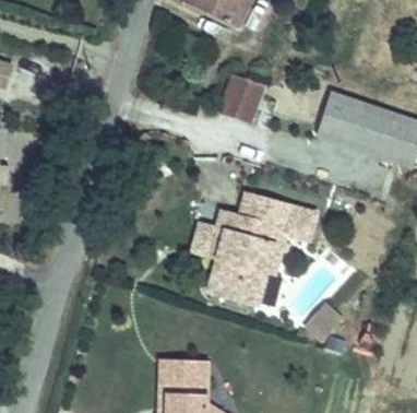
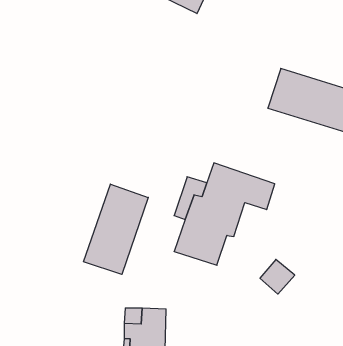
building: [221,78,266,123] -> none
building: none -> [84,184,148,274]

